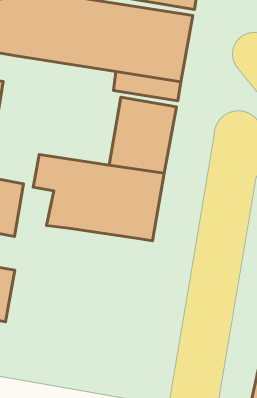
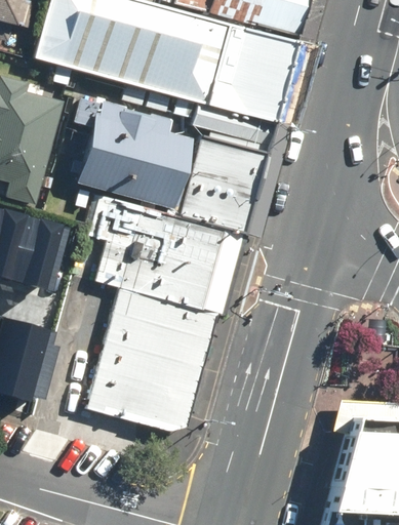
building: none -> [78,99,194,208]
building: none -> [86,287,206,431]

